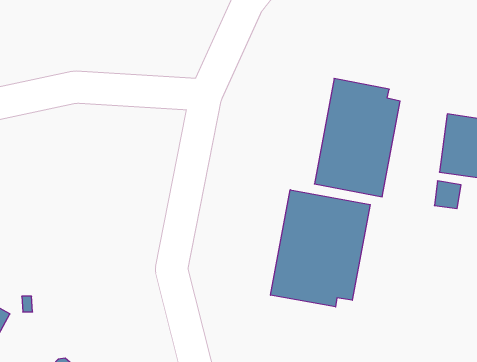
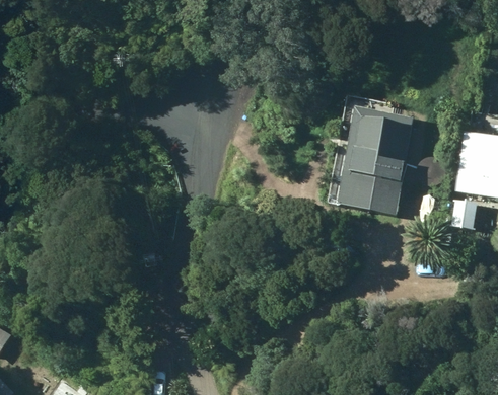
building: [271,190,370,307] -> none

